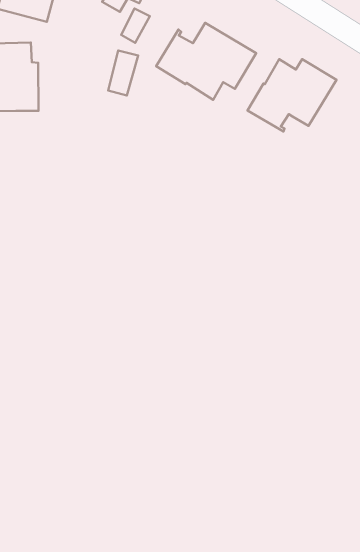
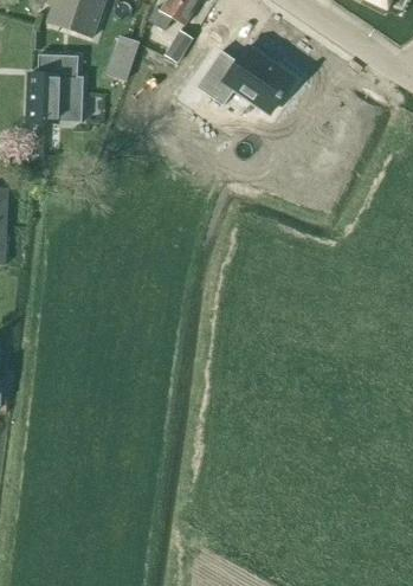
building: [108,51,138,96] -> [109,34,140,78]
building: [248,59,336,132] -> none

